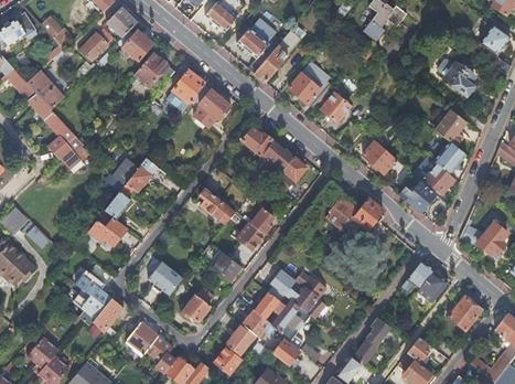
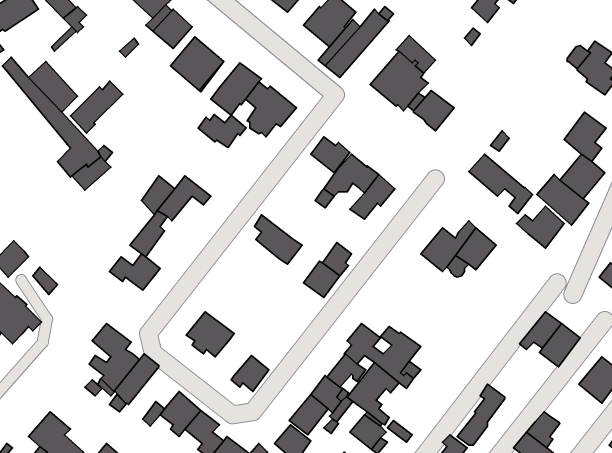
building: [73,29,112,68] -> [71,81,123,133]
building: none -> [198,114,246,147]
building: [211,250,240,280] -> none

